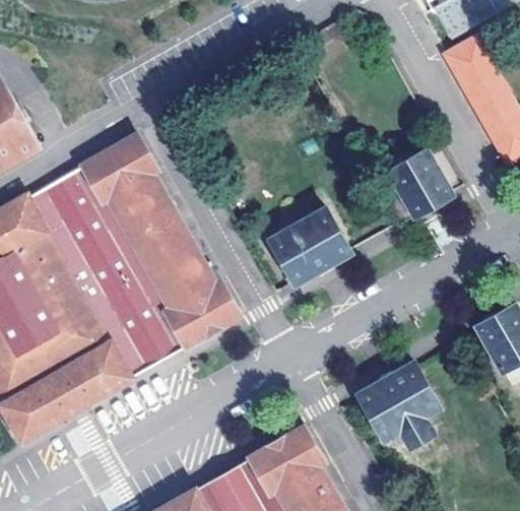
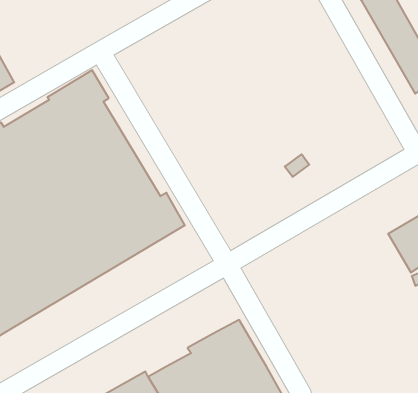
building: [386,146,451,214] -> none
building: [267,206,348,282] -> none
building: [358,361,440,448] -> none

